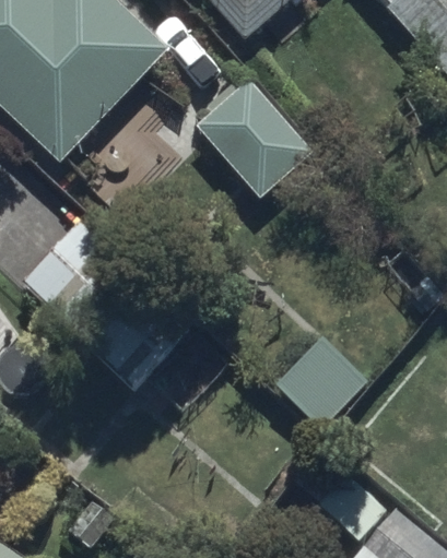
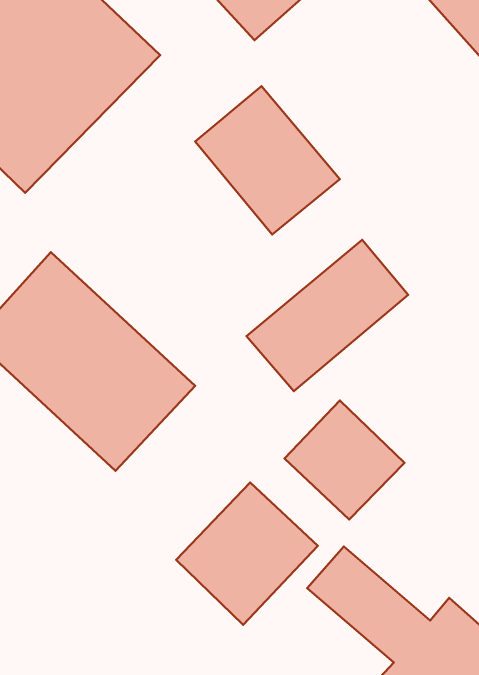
building: none -> [247,240,408,391]
building: none -> [176,483,318,625]

